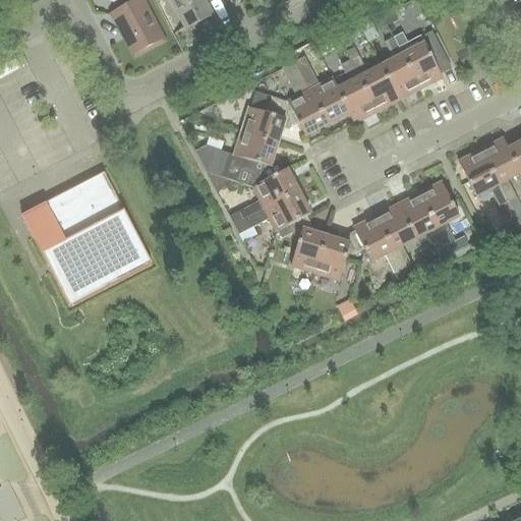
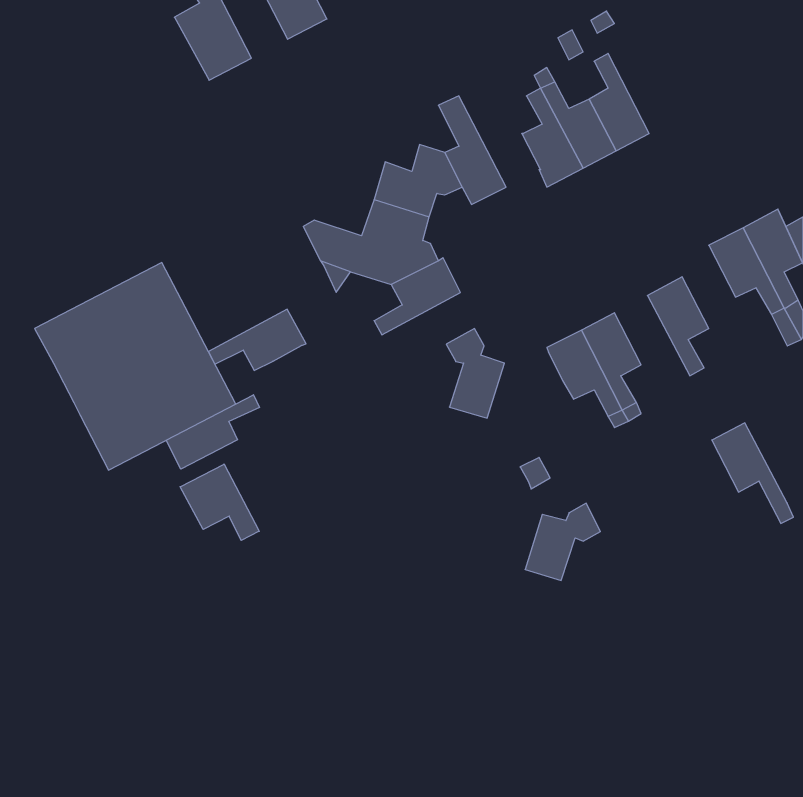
building: [394,28,448,86] -> none
building: [297,57,350,121] -> none
building: [247,189,310,229] -> [209,309,306,370]
building: [398,191,451,256] -> [712,423,793,523]
building: [315,228,364,278] -> [525,503,600,580]
building: none -> [166,395,259,469]
building: none -> [180,464,259,540]

